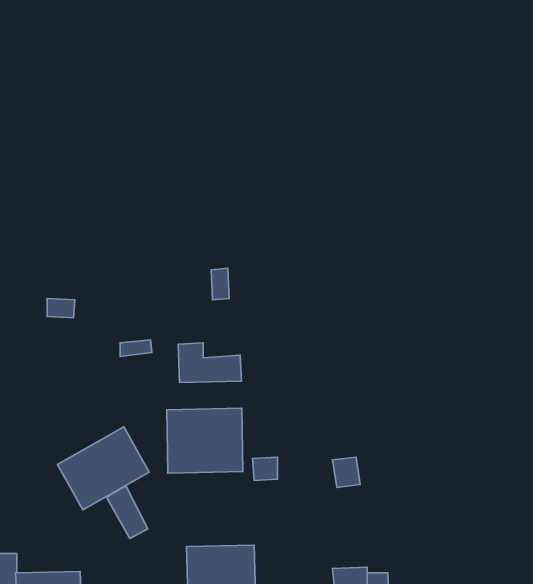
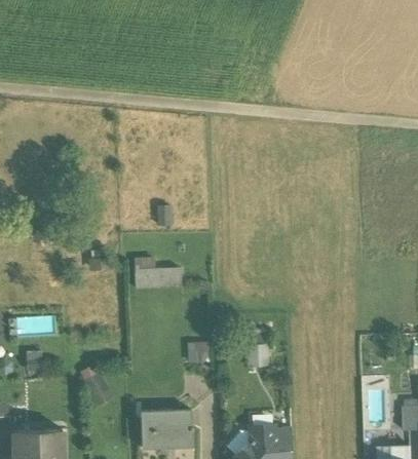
building: [167,408,243,473] -> none
building: [58,427,149,510] -> none

